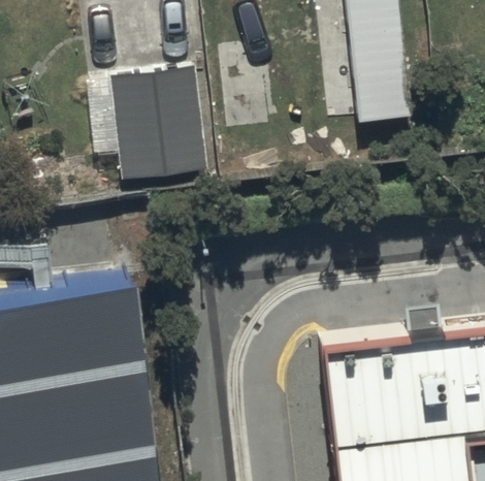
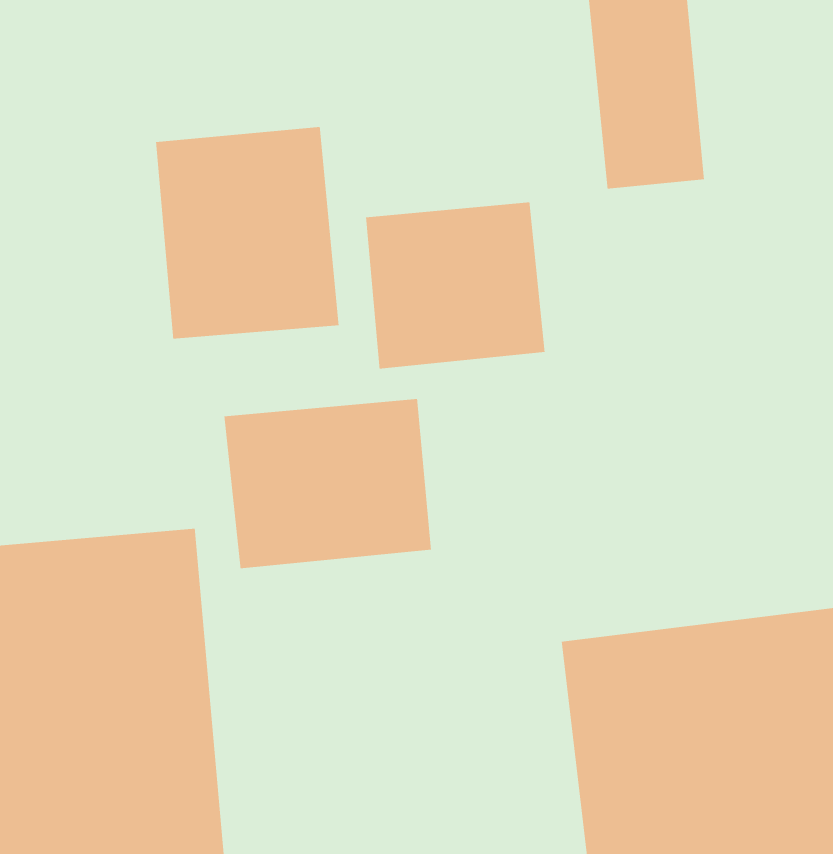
building: none -> [365,202,545,370]
building: none -> [224,398,432,569]

